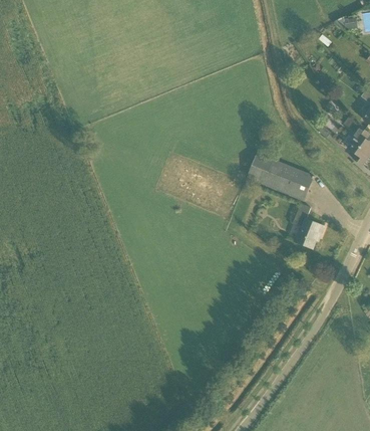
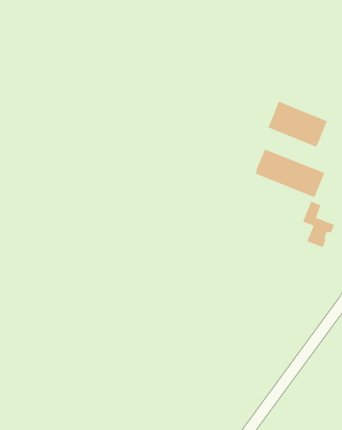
building: none -> [268,101,327,147]

